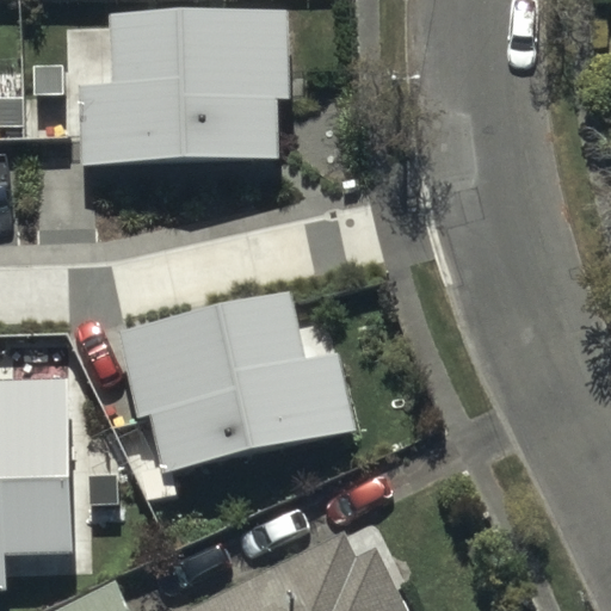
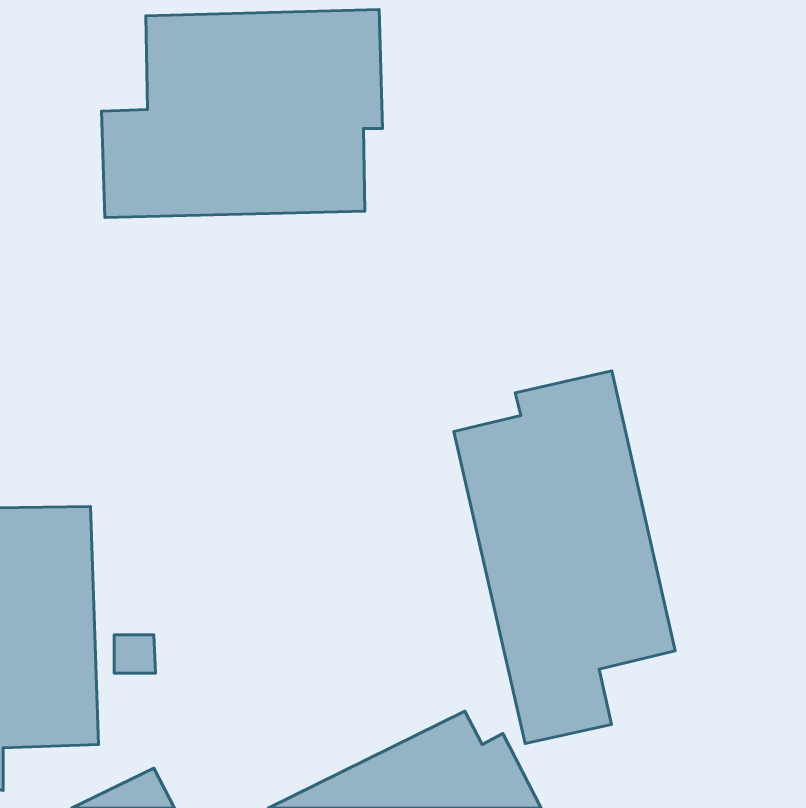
building: none -> [454,371,675,744]
building: [115,288,353,473] -> none

